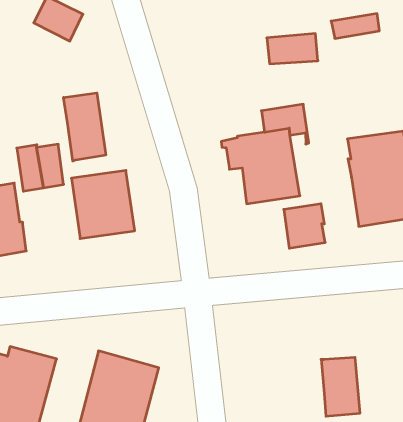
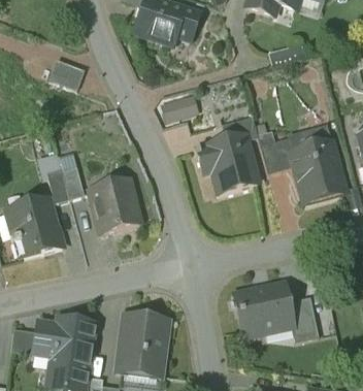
building: [267,34,318,64] -> [163,93,202,119]
building: [64,93,106,161] -> none
building: [284,204,325,248] -> [261,138,294,173]
building: none -> [234,284,292,336]

